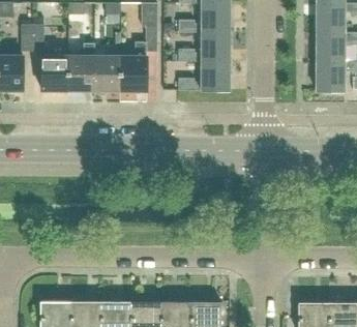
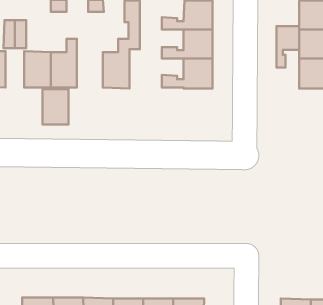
building: none -> [276,26,299,67]
building: [94,56,120,91] -> [43,89,69,124]

